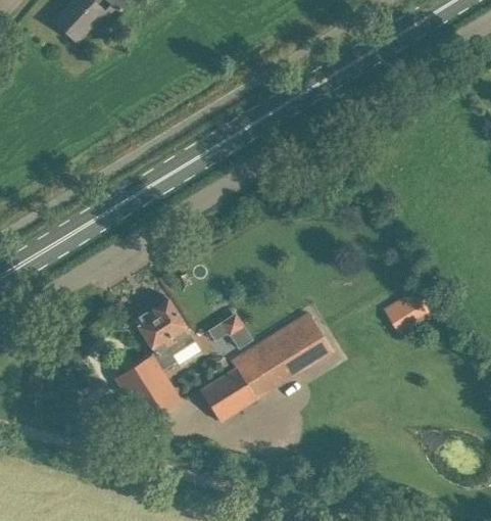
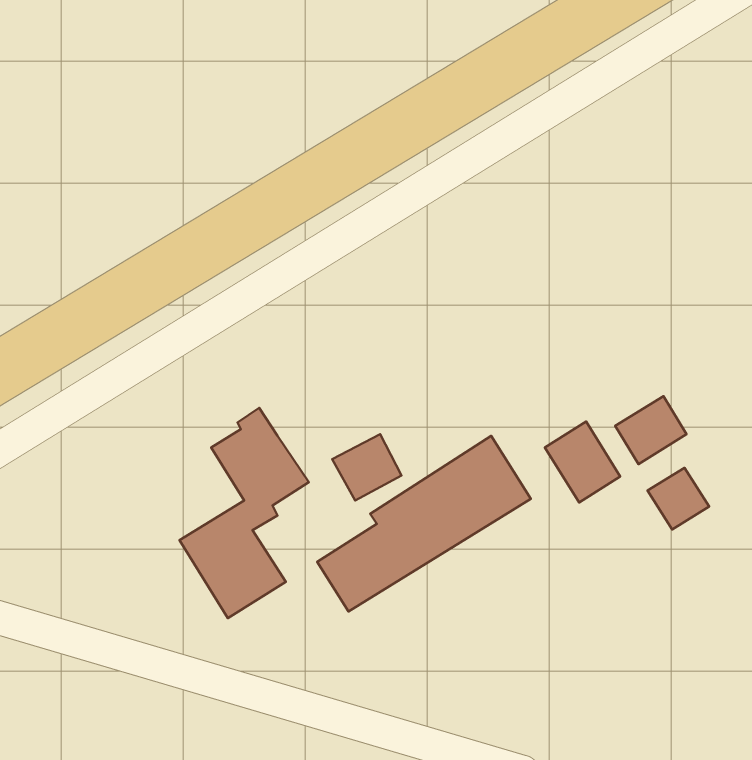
building: none -> [545,422,620,503]
building: none -> [648,468,709,530]

